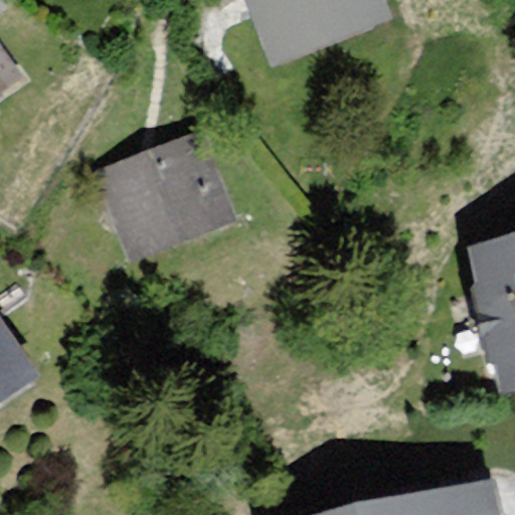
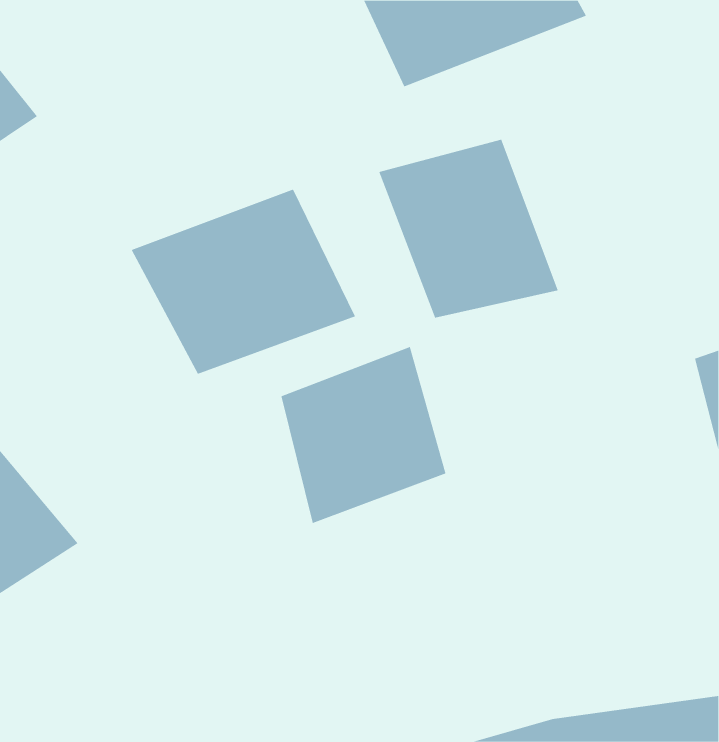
building: none -> [378,139,558,319]
building: none -> [281,346,446,524]

